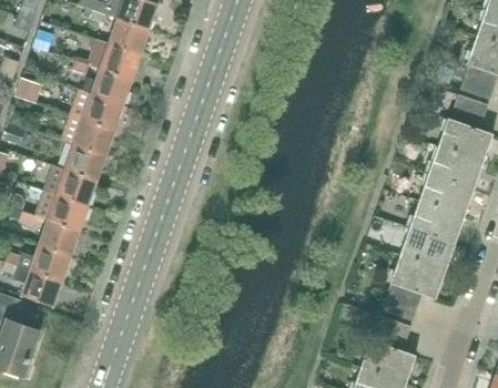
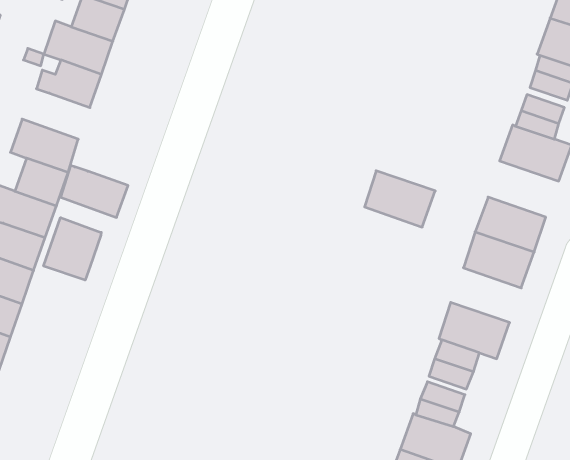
building: [70,90,122,130] -> [60,165,128,217]
building: [428,146,482,190] -> [365,171,435,227]
building: none -> [44,218,101,280]
building: [399,228,454,270] -> none

